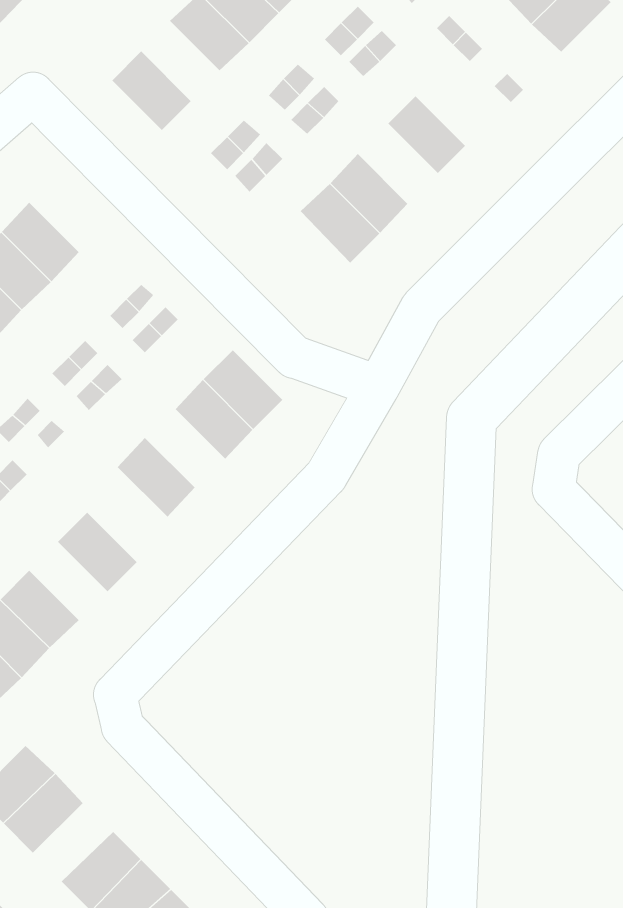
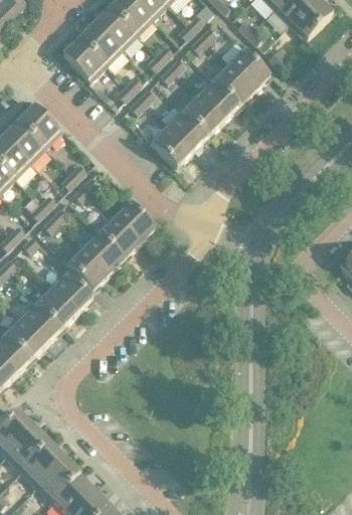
building: none -> [78,22,121,65]
building: none -> [226,46,270,90]
building: none -> [195,77,238,121]
building: none -> [18,105,61,147]
building: none -> [149,125,191,168]
building: none -> [80,231,124,274]
building: none -> [49,272,92,314]
building: none -> [18,303,60,345]
building: none -> [20,444,63,486]

